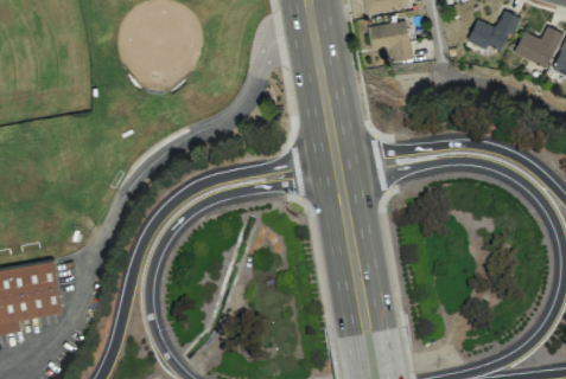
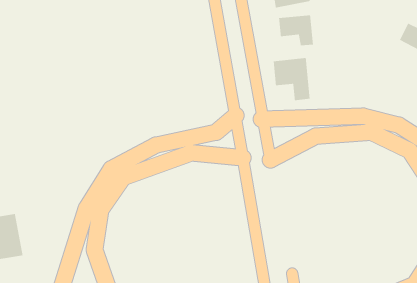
building: [466,9,517,52] -> none
building: none -> [273,57,310,101]

